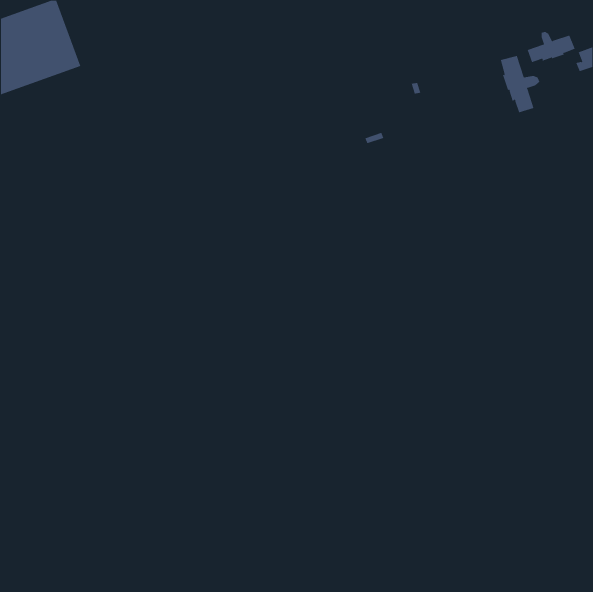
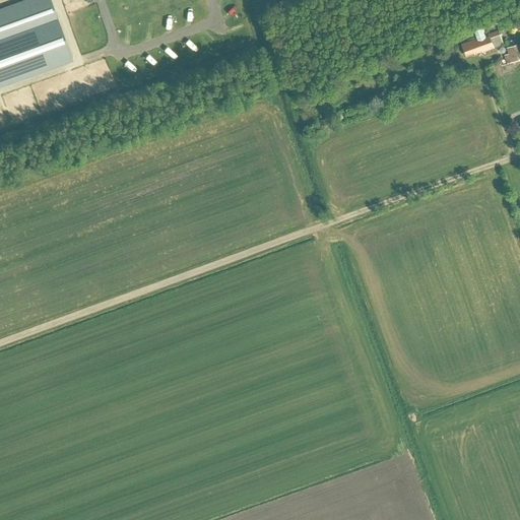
building: [500,55,540,113] -> none

